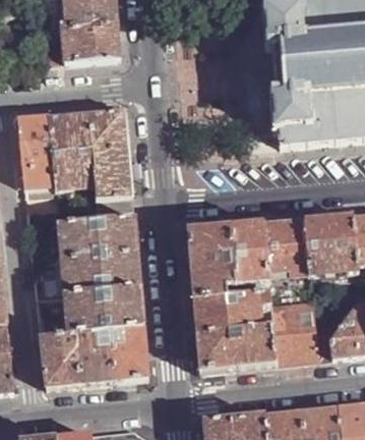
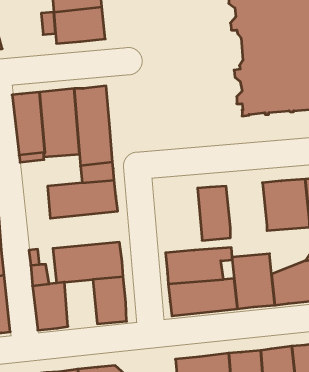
building: [261,219,308,271] -> none
building: [187,225,234,299] -> none
building: [60,252,139,294] -> none
building: [76,330,114,384] -> none

